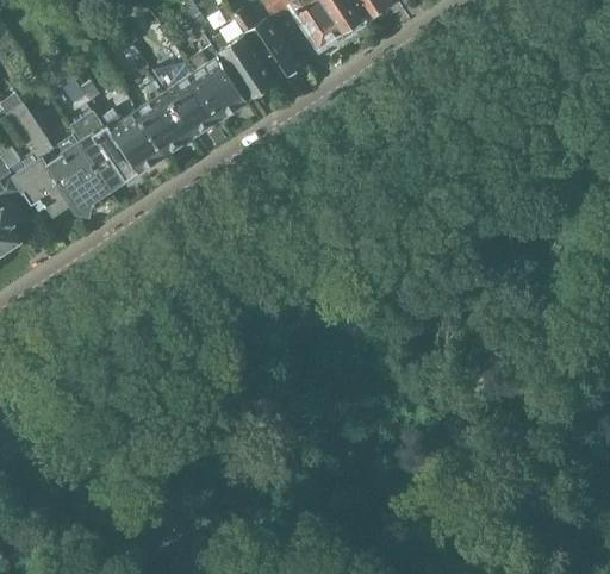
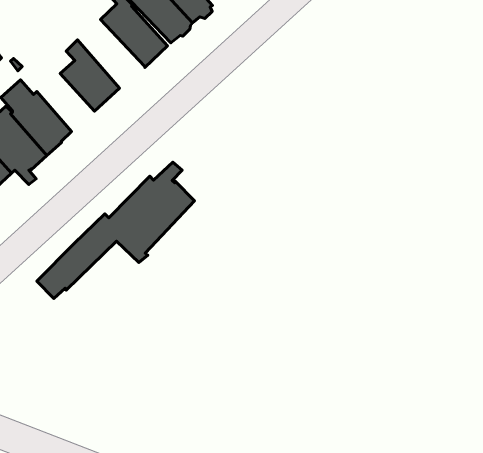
building: [152,63,222,135] -> none
building: [104,111,166,171] -> none
building: none -> [37,162,195,298]

